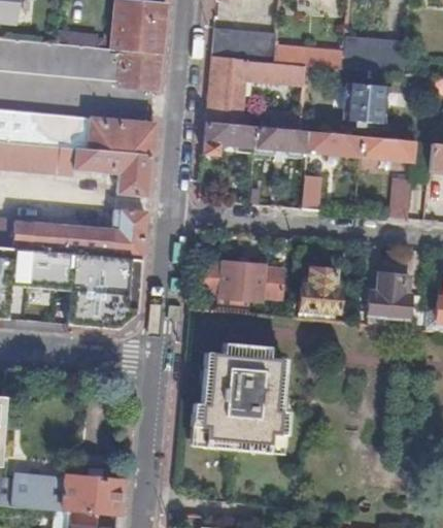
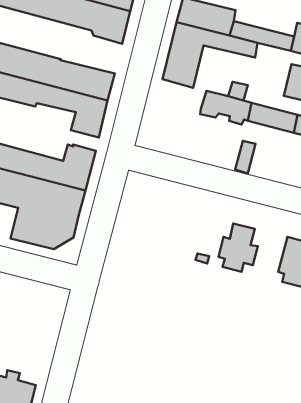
building: [205,121,259,154] -> none
building: [203,261,284,314] -> none
building: [200,354,280,444] -> none

